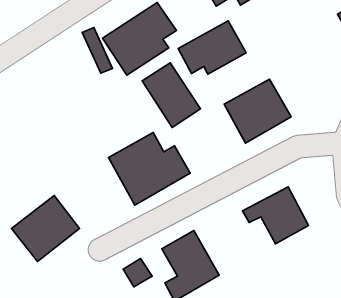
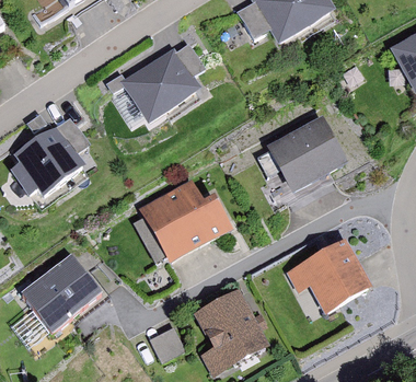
building: [178,21,246,74] -> none
building: [142,63,200,127] -> none
building: none -> [15,115,93,195]

